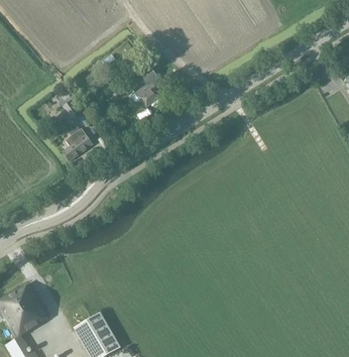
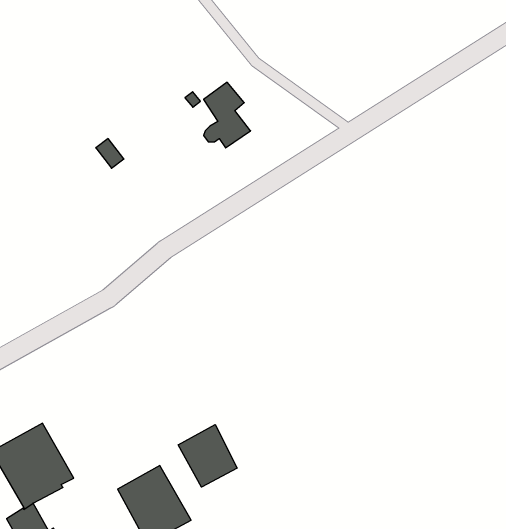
building: [63,128,93,160] -> none
building: none -> [178,425,237,487]

